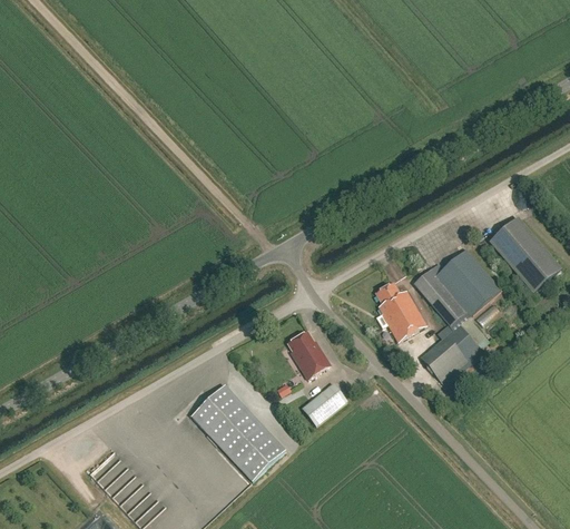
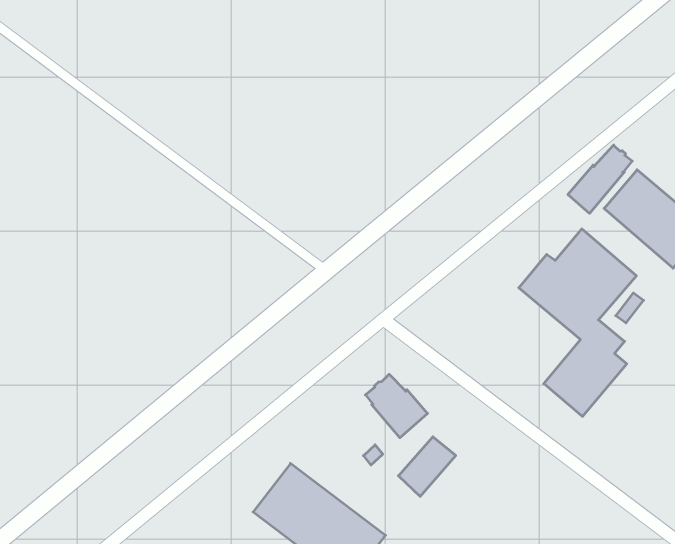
building: none -> [568,145,632,213]
building: [375,282,426,341] -> none

